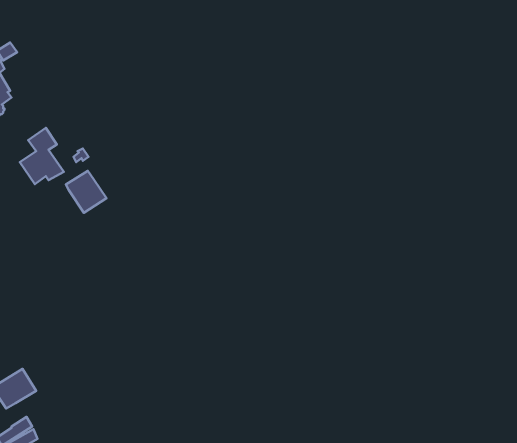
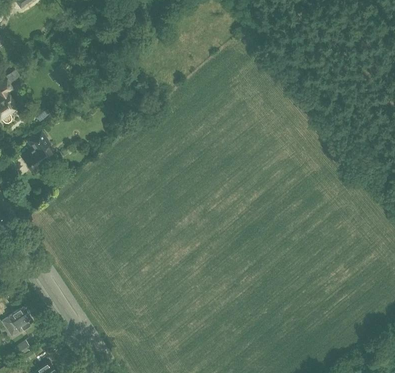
building: [66,171,107,213] -> none

